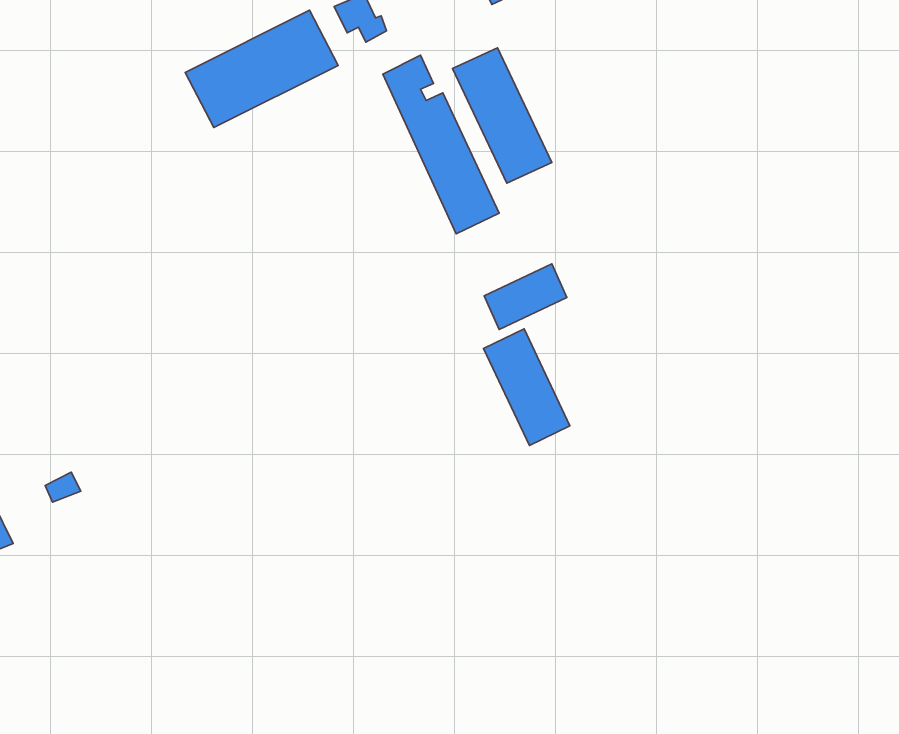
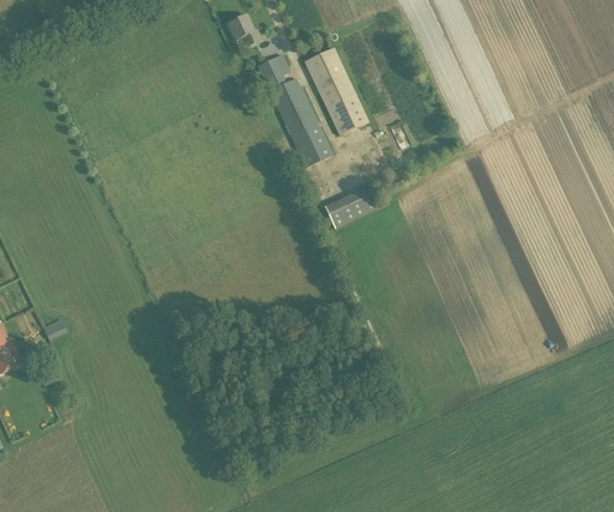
building: [185,10,338,128] -> none
building: [484,329,570,446] -> none

